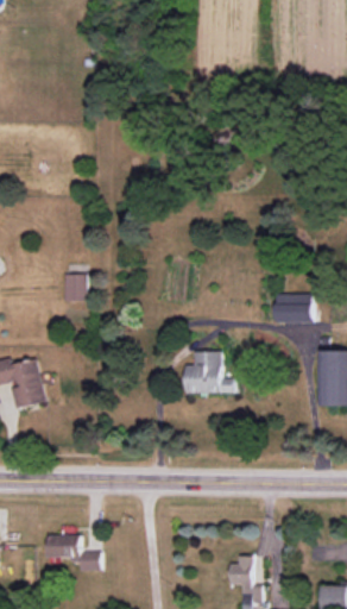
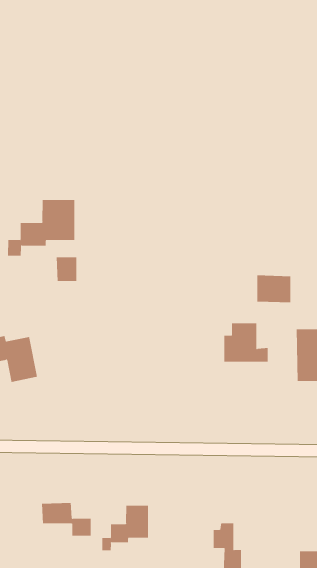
building: none -> [8,199,75,256]
building: [185,352,233,394] -> [223,323,268,362]
building: none -> [102,505,149,551]

